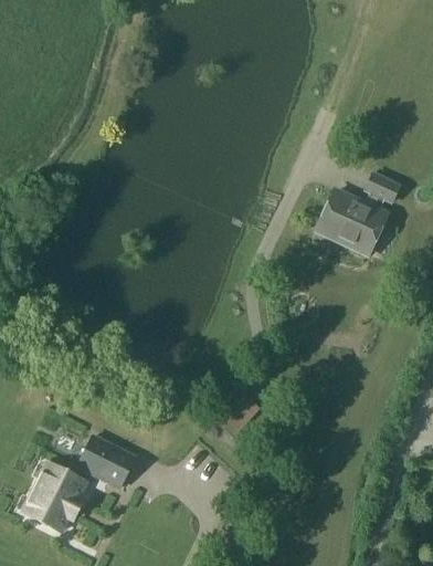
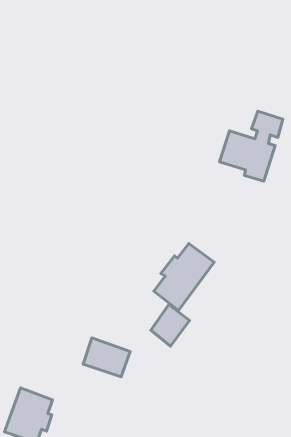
building: none -> [154,243,214,310]
building: [77,436,135,486] -> [83,338,130,377]

